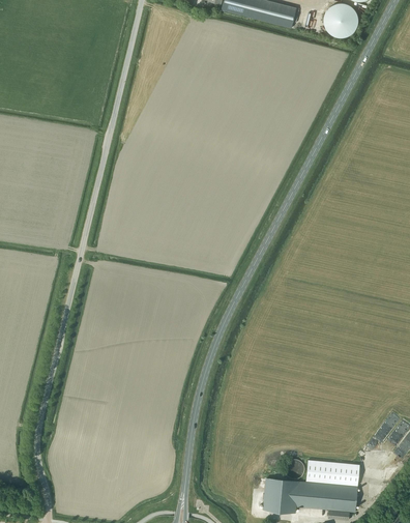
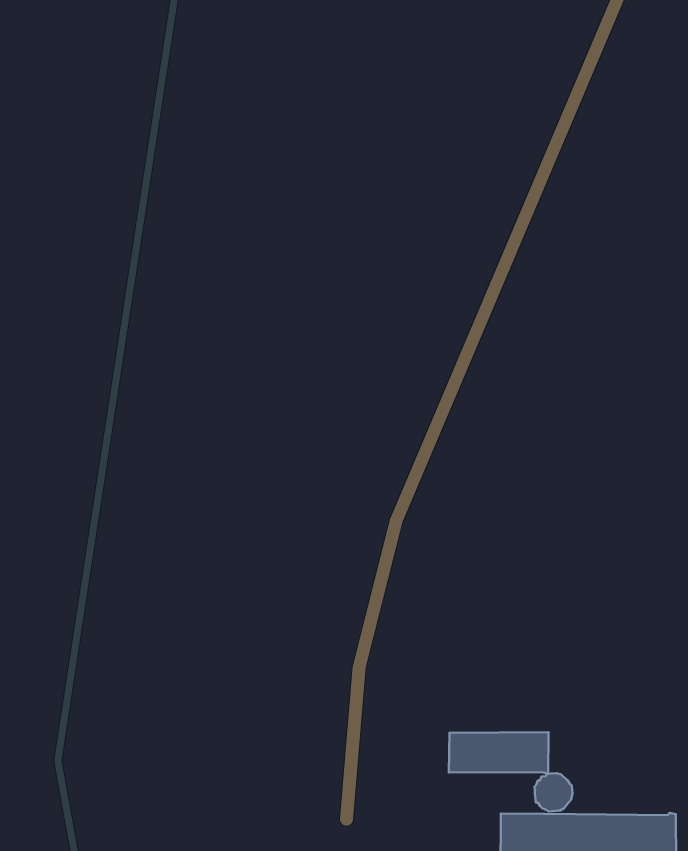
building: [305,460,359,486] -> [449,732,549,774]

